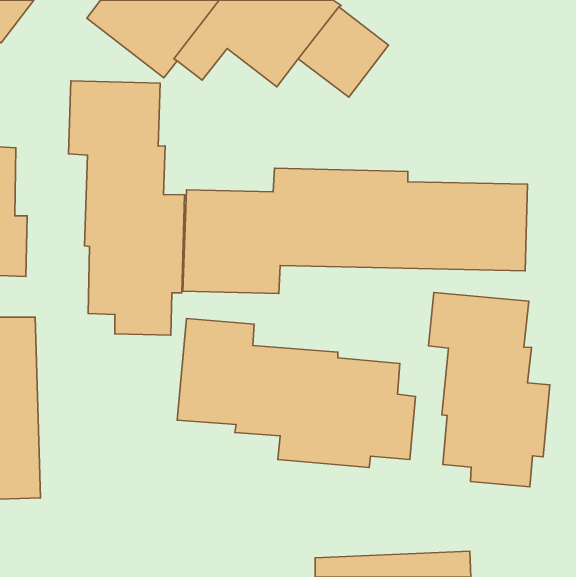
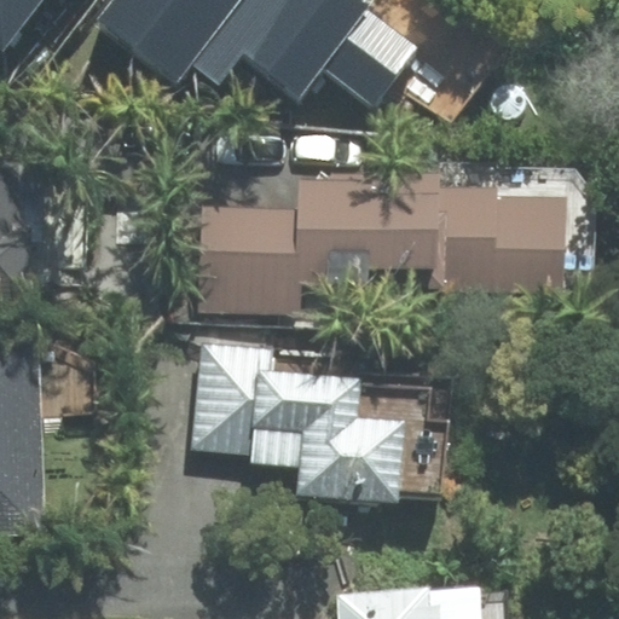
building: [69,81,184,335] -> none
building: [429,293,550,487] -> none

